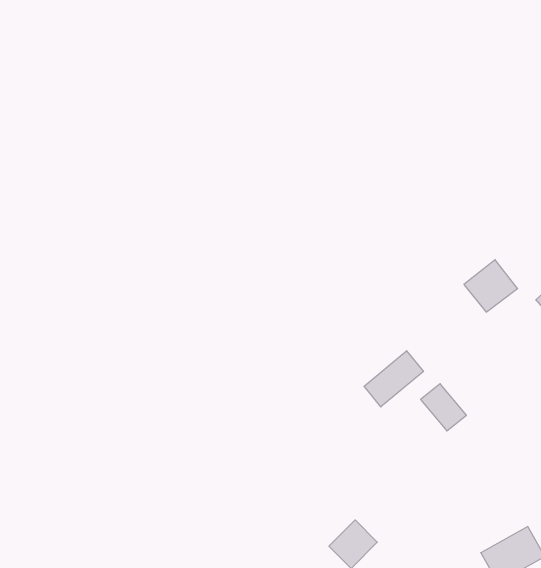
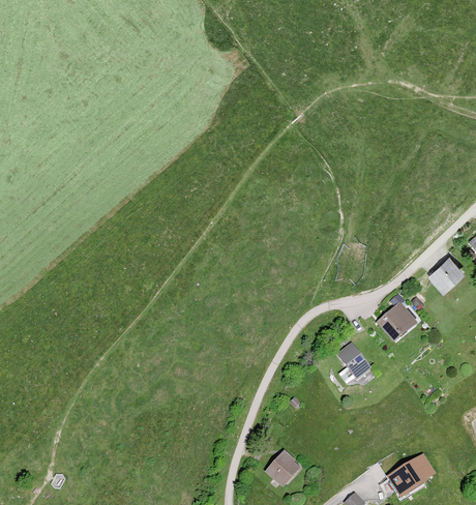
building: [464,260,518,312] -> [376,301,418,343]
building: [364,351,423,407] -> none

